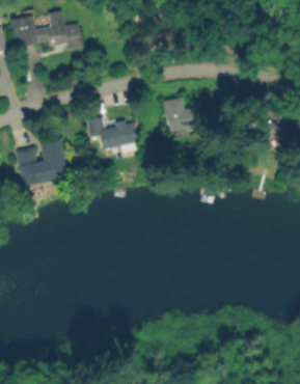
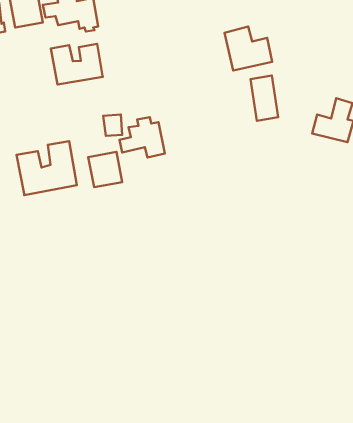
building: none -> [51,44,103,84]
building: [163,95,202,132] -> [224,27,272,71]
building: none -> [88,152,122,187]

